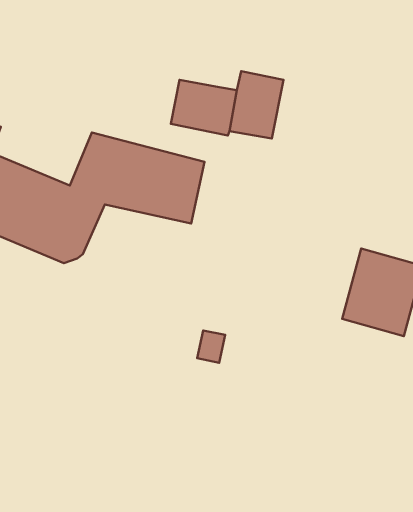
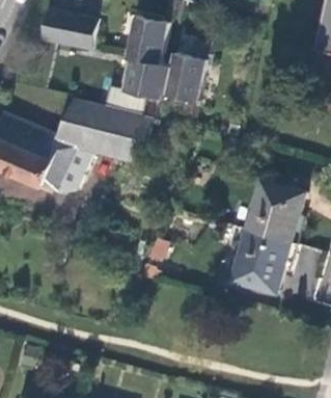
building: none -> [40,12,99,52]
building: none -> [129,19,169,65]
building: none -> [233,230,292,292]

